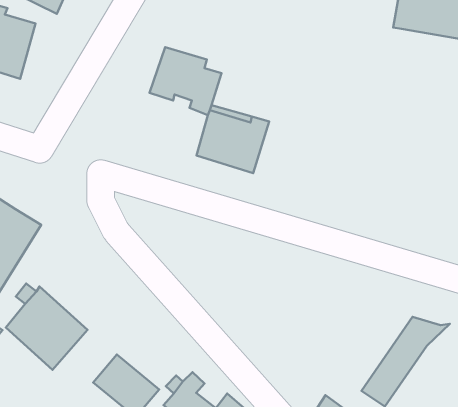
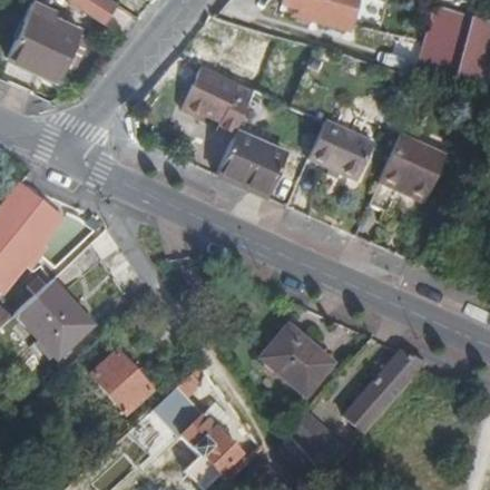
building: none -> [308,121,373,180]
building: none -> [380,135,448,198]
building: none -> [262,325,334,396]

